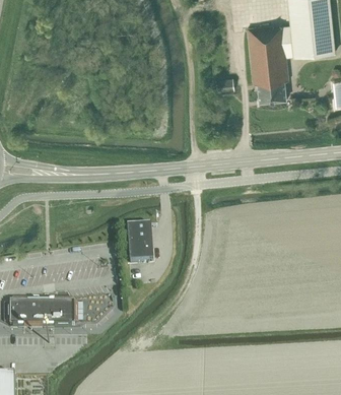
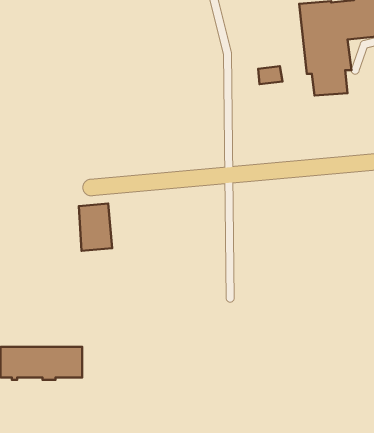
building: [127,225,153,263] -> [79,204,112,251]

